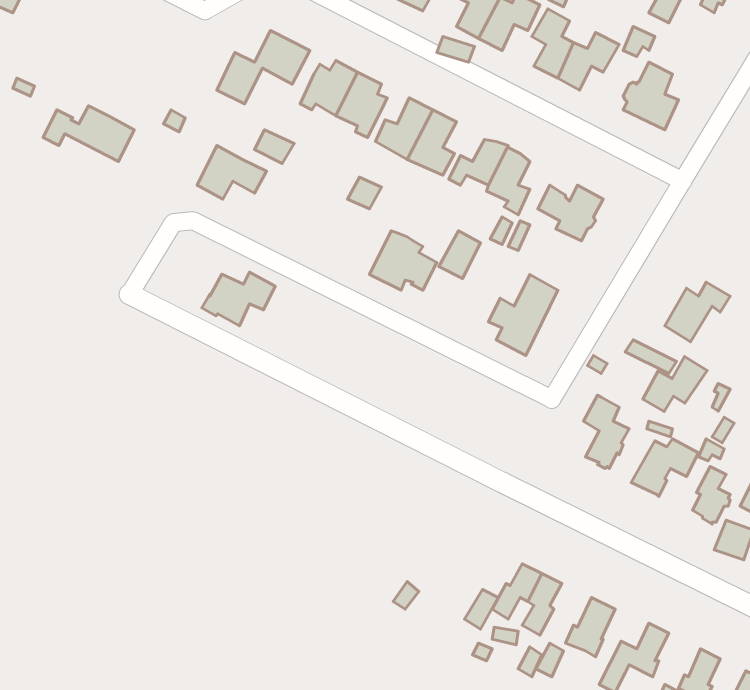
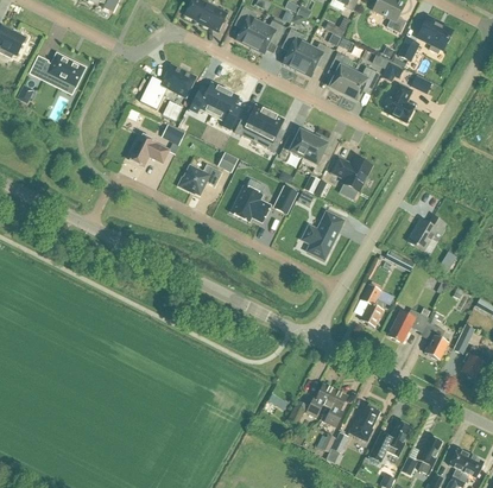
building: [43,106,134,161] -> [29,52,83,85]
building: [202,272,275,326] -> [177,163,221,195]
building: [643,357,707,411] -> none

